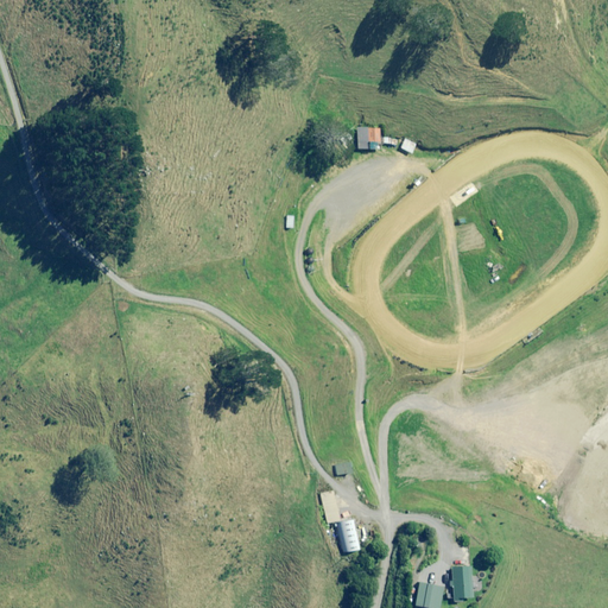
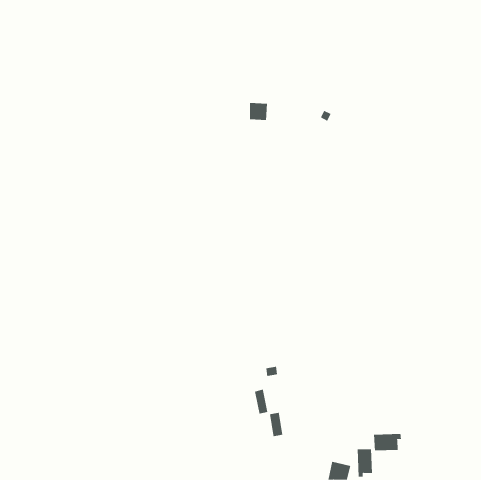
building: [360,127,384,150] -> [249,103,268,120]
building: none -> [373,433,401,451]

